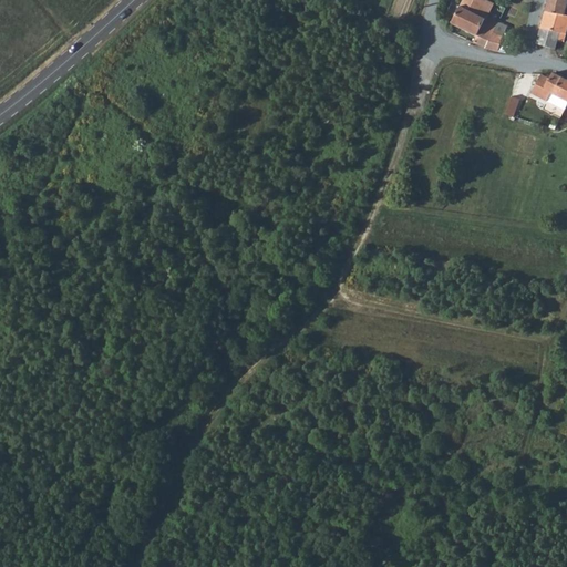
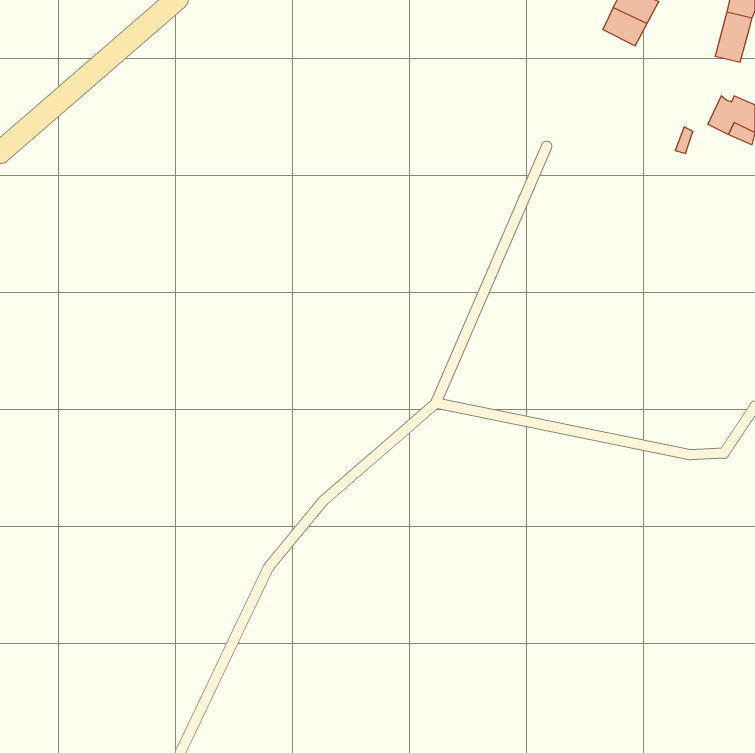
building: [473,16,506,49] -> none

